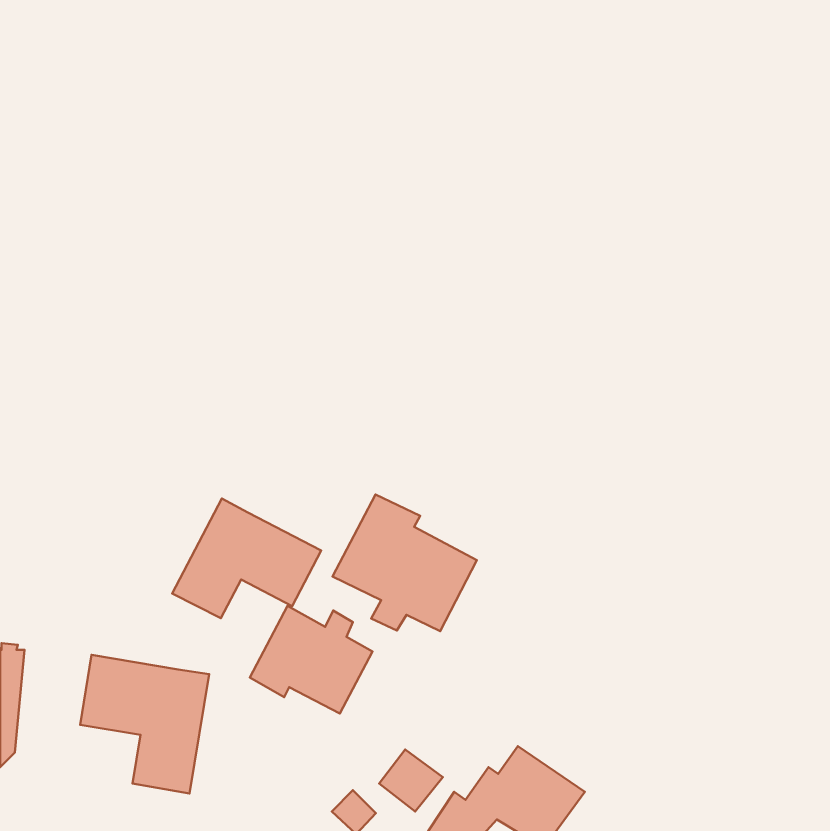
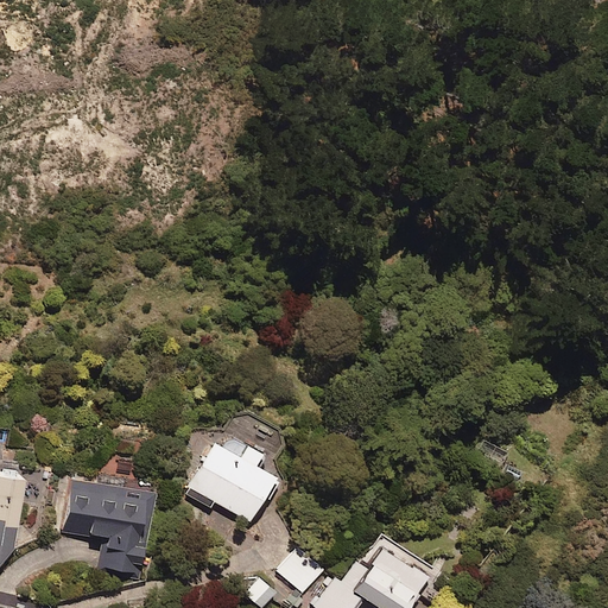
building: [333,495,477,631] -> none
building: [172,499,321,618] -> none

